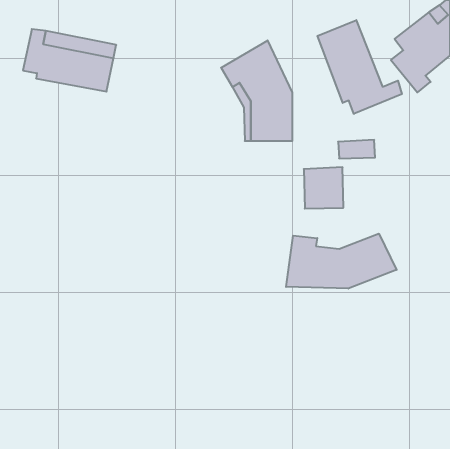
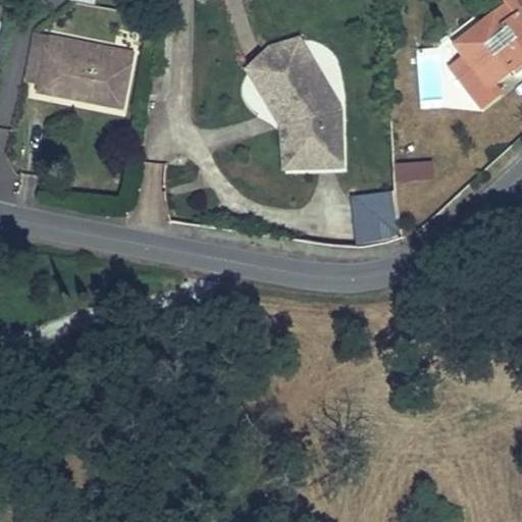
building: [317,20,402,114] -> none
building: none -> [245,30,310,80]
building: [286,234,397,289] -> none

